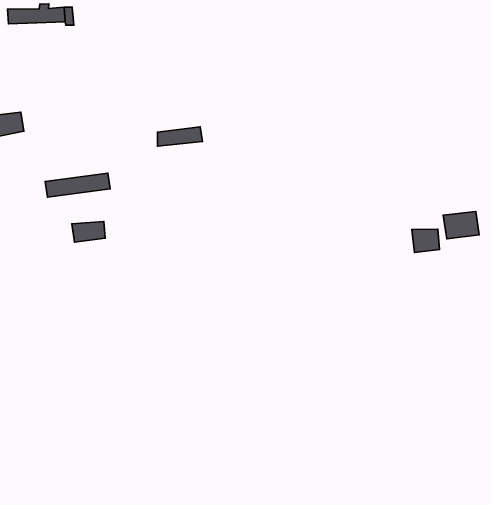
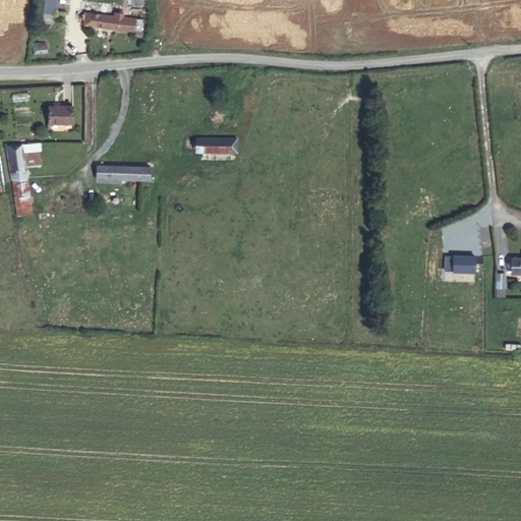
building: [72,221,105,242] -> none
building: [412,229,439,253] -> none

